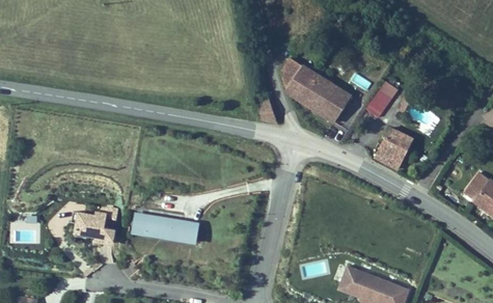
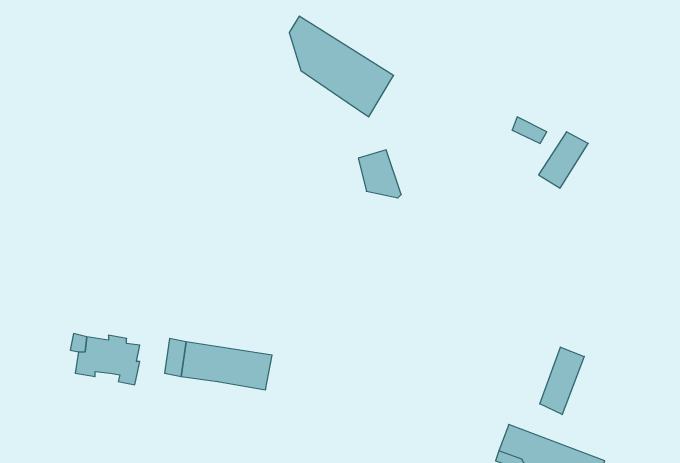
building: [284,61,350,125] -> [289,16,394,117]
building: [378,129,412,164] -> none
building: none -> [540,347,584,415]

